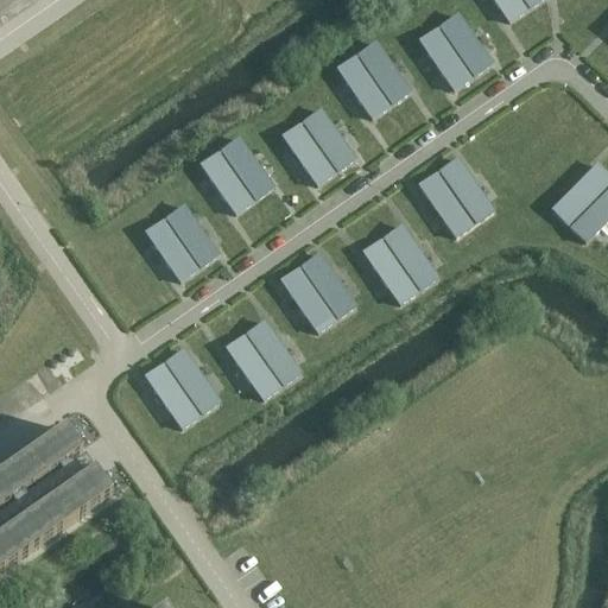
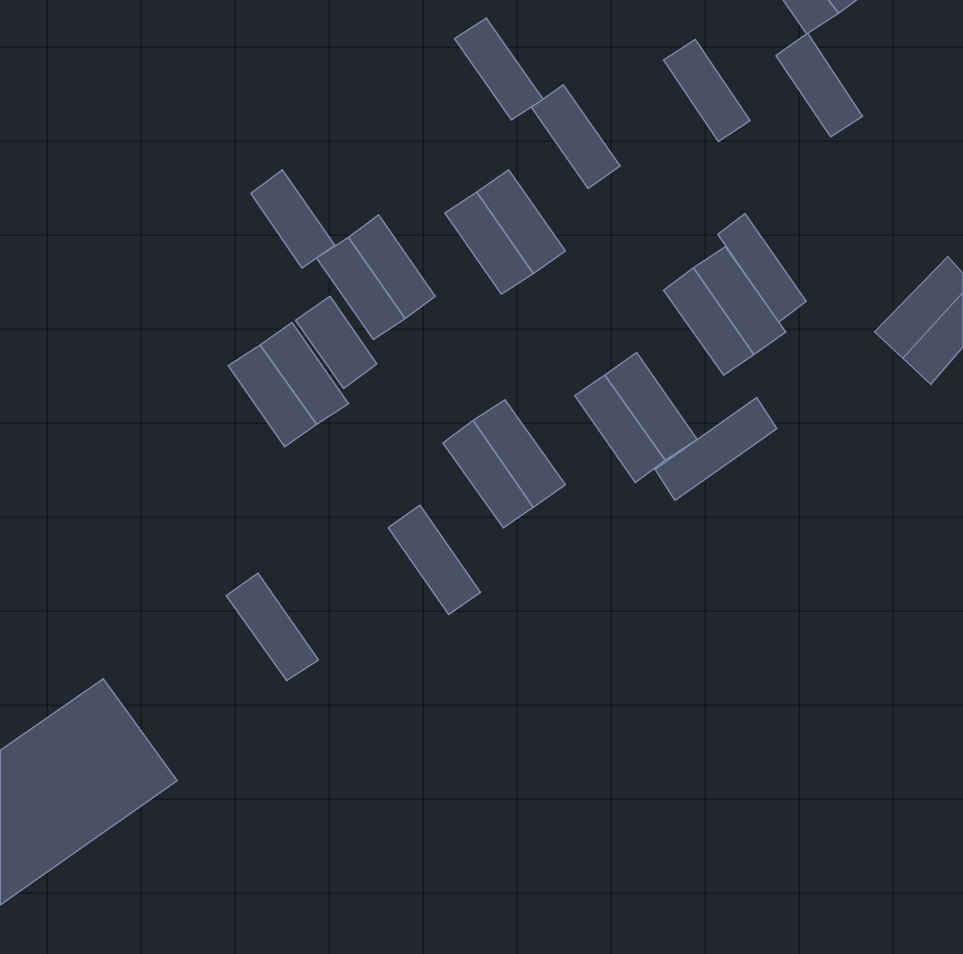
building: [438,11,493,76] -> [776,33,863,137]
building: [355,40,411,104] -> [455,18,543,120]
building: none -> [251,170,335,268]
building: none -> [718,214,806,322]
building: none -> [295,296,377,389]
building: none -> [655,397,777,500]
building: [226,332,283,400] -> none
building: [163,348,220,416] -> none

